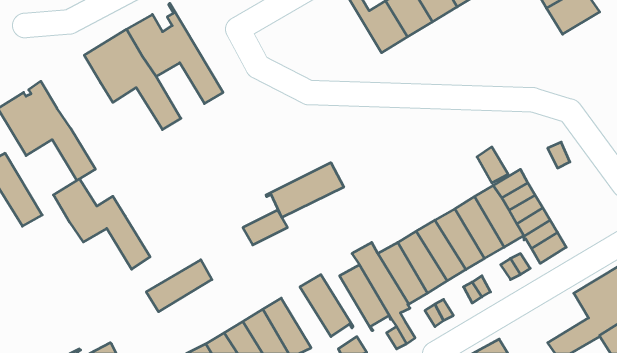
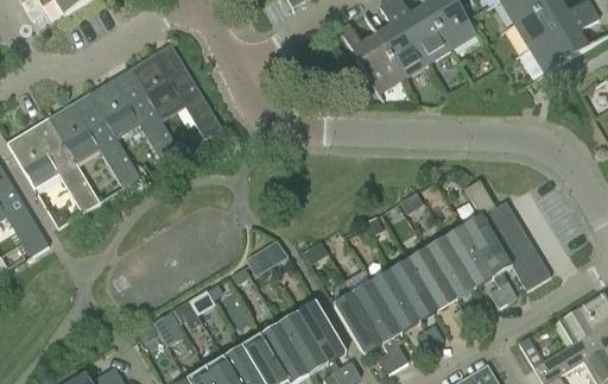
building: [266,163,344,218] -> none
building: [53,179,150,269] -> [48,101,140,188]
building: none -> [278,314,325,372]

